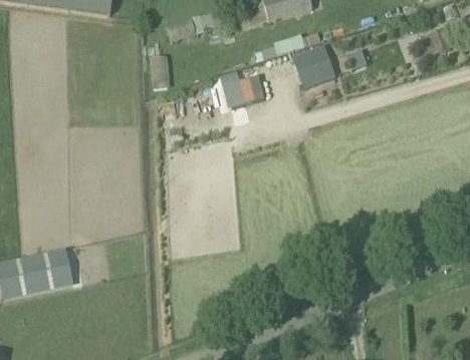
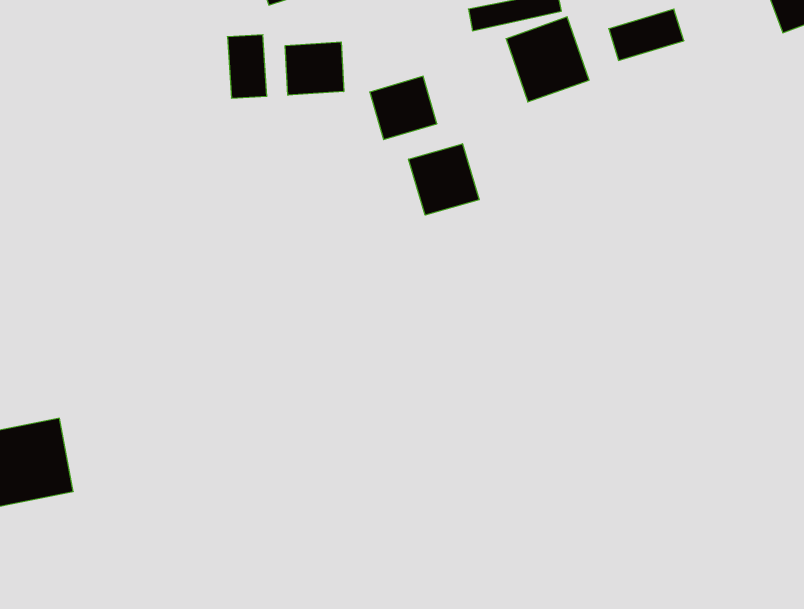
building: none -> [285,42,344,95]
building: none -> [409,144,479,215]

